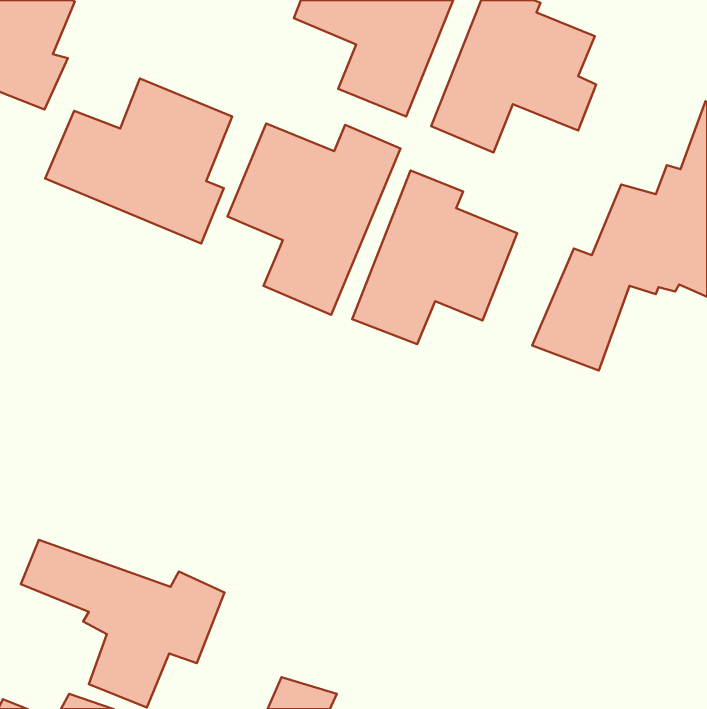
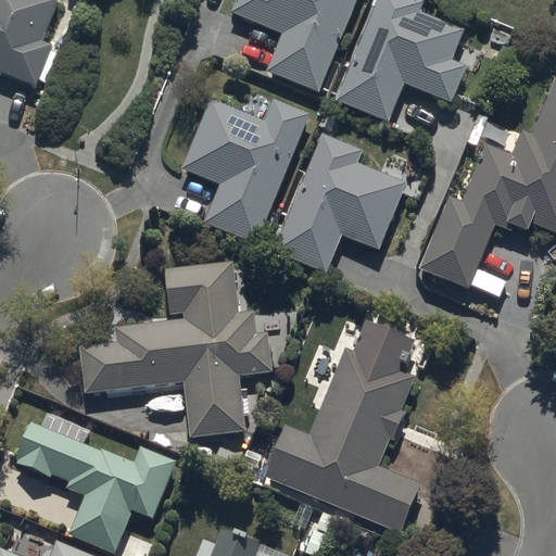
building: [45,79,232,243] -> none
building: none -> [79,263,275,440]
building: none -> [267,319,420,531]

